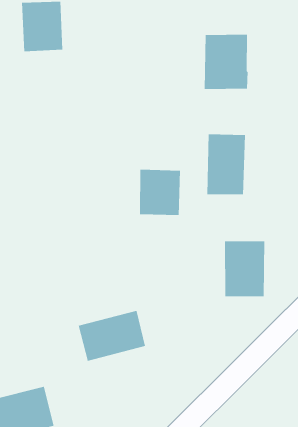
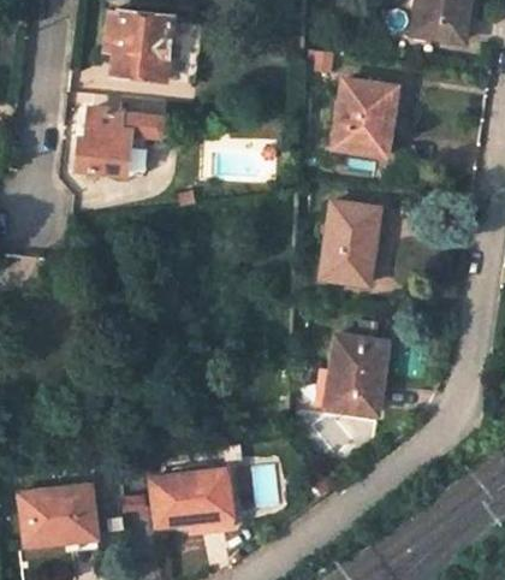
building: none -> [85,110,174,173]
building: [140,169,180,216] -> none
building: [78,310,146,361] -> [150,472,231,527]

